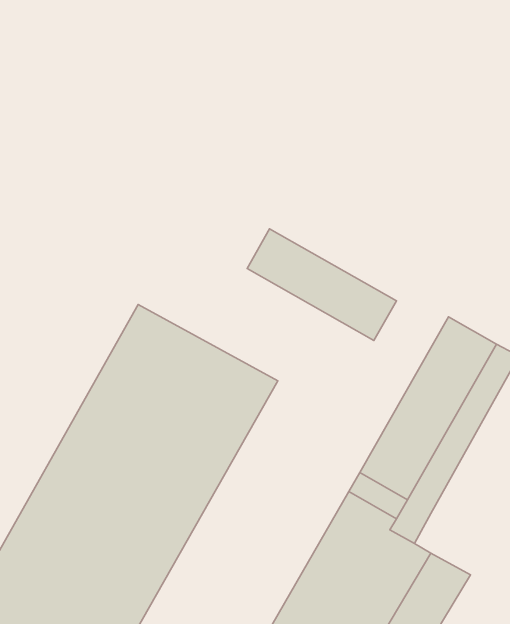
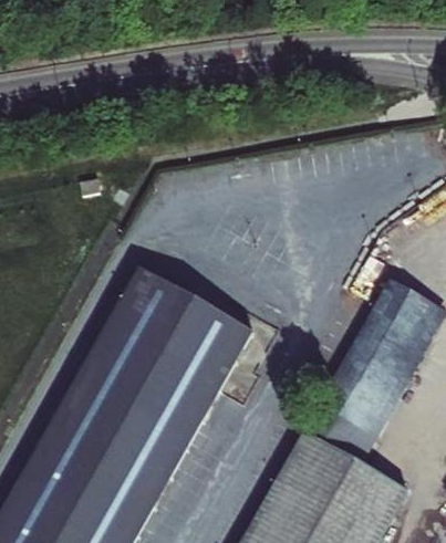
building: [247,229,396,341] -> none

